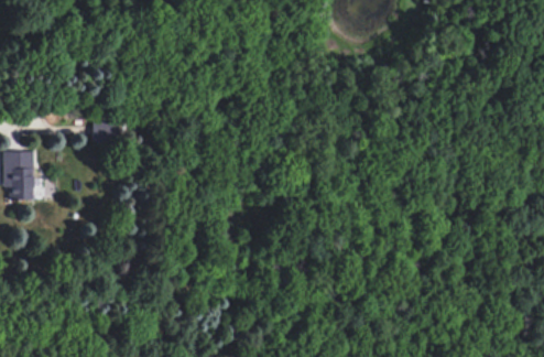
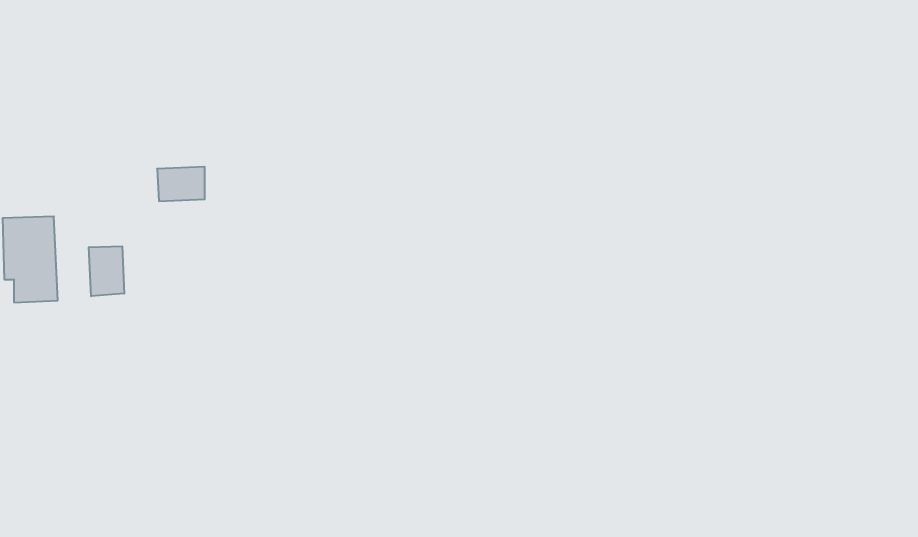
building: none -> [89,246,124,296]

